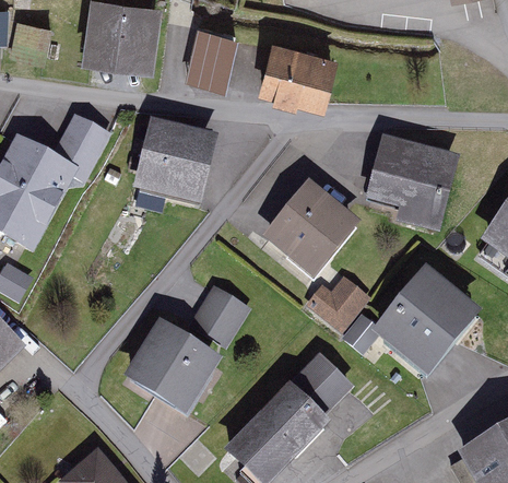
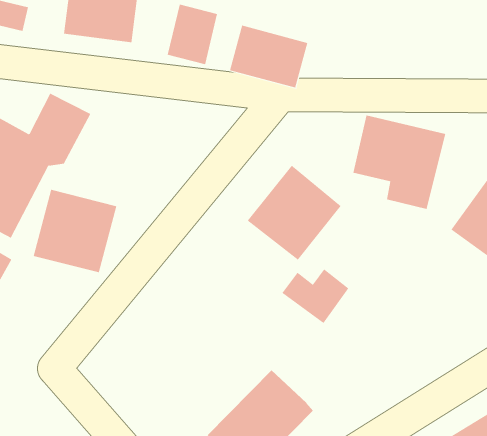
building: [134,120,217,202] -> [33,189,117,273]
building: [377,268,481,373] -> none
building: [190,284,250,344] -> none
building: [123,319,221,415] -> none
building: [290,352,354,415] -> none

